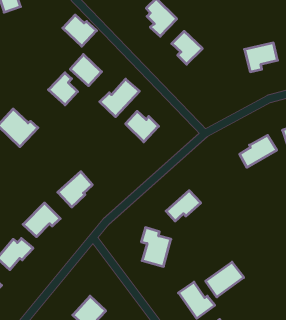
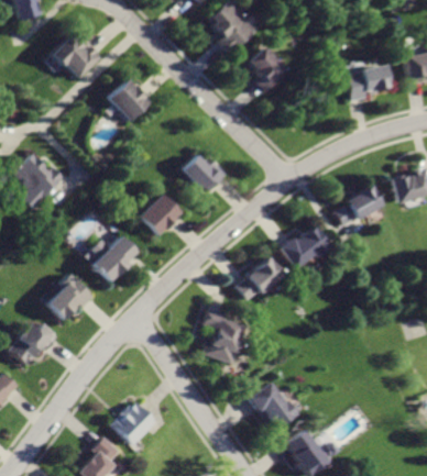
building: [63,15,97,46] -> [55,36,100,78]
building: [48,73,78,105] -> none
building: [100,79,139,117] -> none
building: none -> [138,193,179,235]
building: none -> [281,226,327,269]
building: [206,262,244,297] -> none

